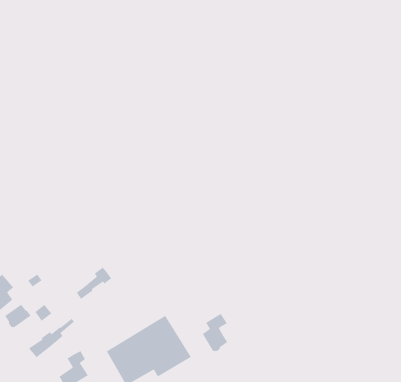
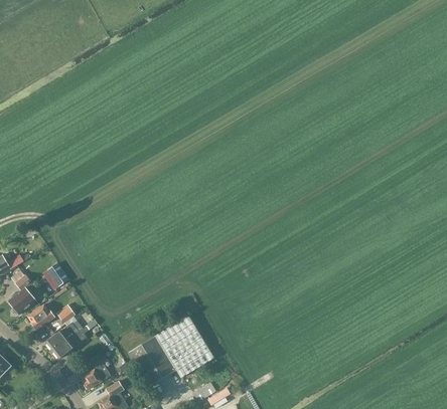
building: [76,266,112,300] -> [45,316,82,349]
building: [202,313,228,352] -> none

